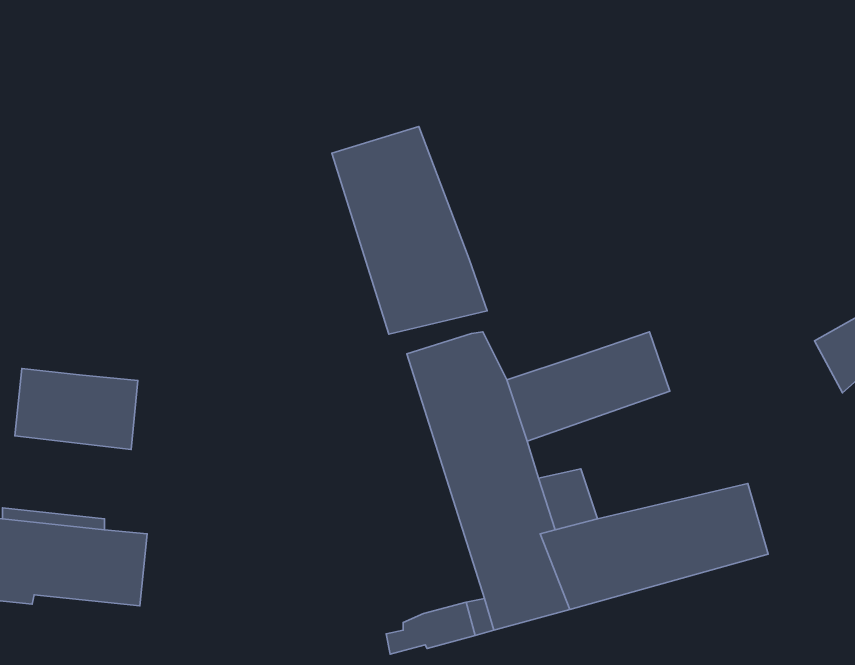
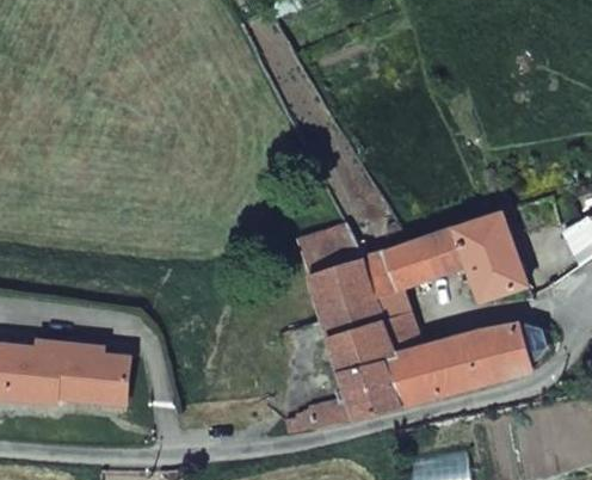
building: [332,126,487,334] -> none
building: none -> [454,210,528,302]
building: [15,369,138,450] -> none

